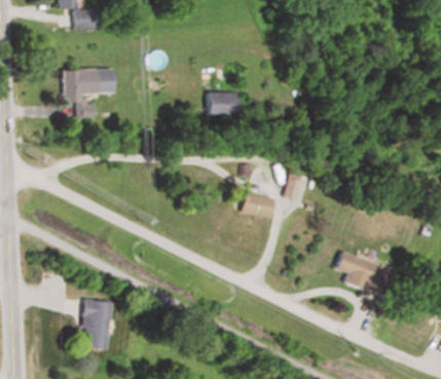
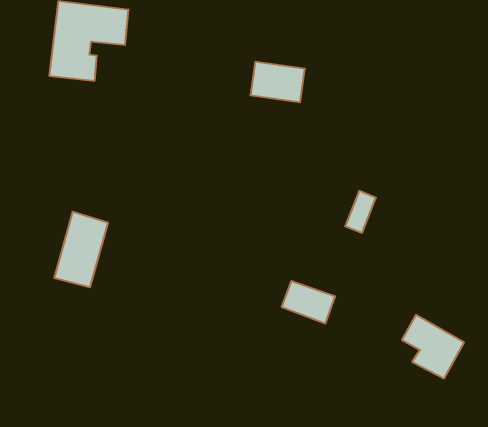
building: [238,192,274,218] -> [282,281,335,323]
building: [80,299,112,349] -> [54,212,108,287]

